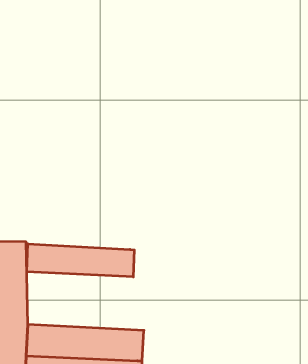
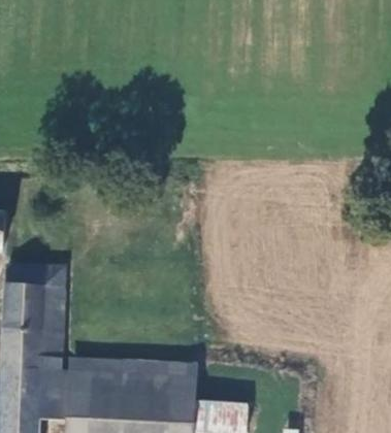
building: [27,244,134,277] -> none

